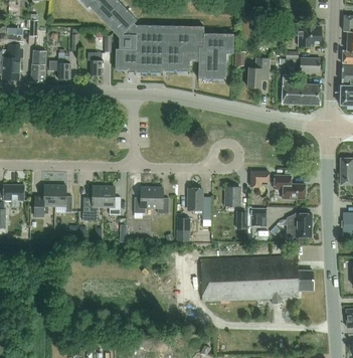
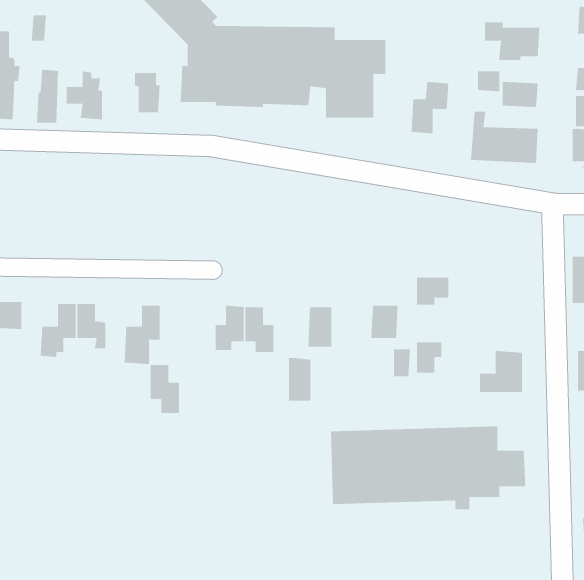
building: [274,175,305,198] -> none
building: [104,186,121,214] -> [150,365,180,414]

